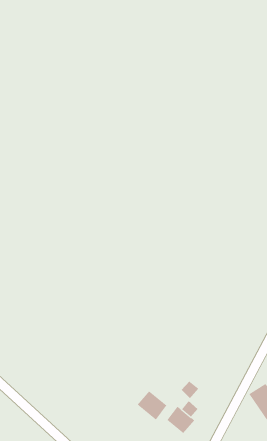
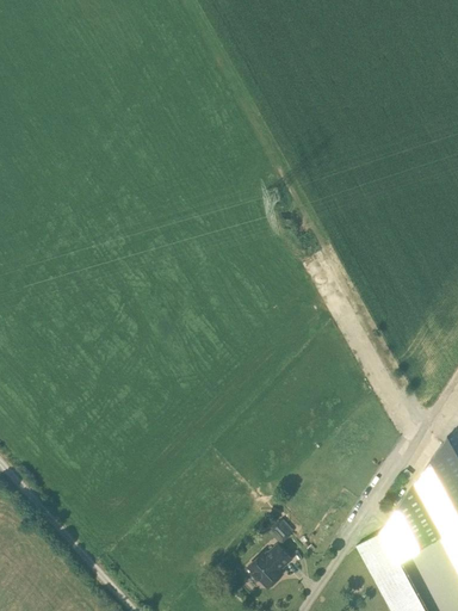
building: [137,391,167,420] -> none

